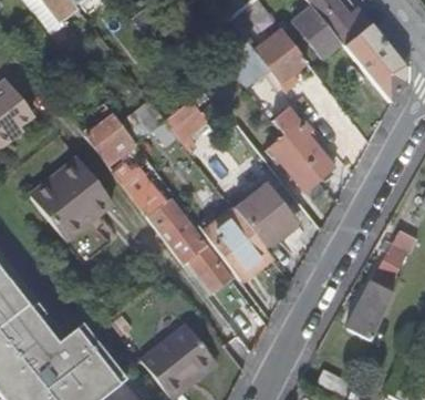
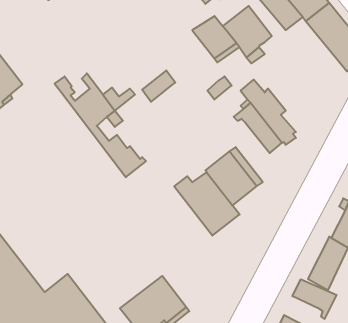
building: [30,156,113,238] -> none
building: [147,197,232,291] -> none
building: none -> [292,279,337,319]

